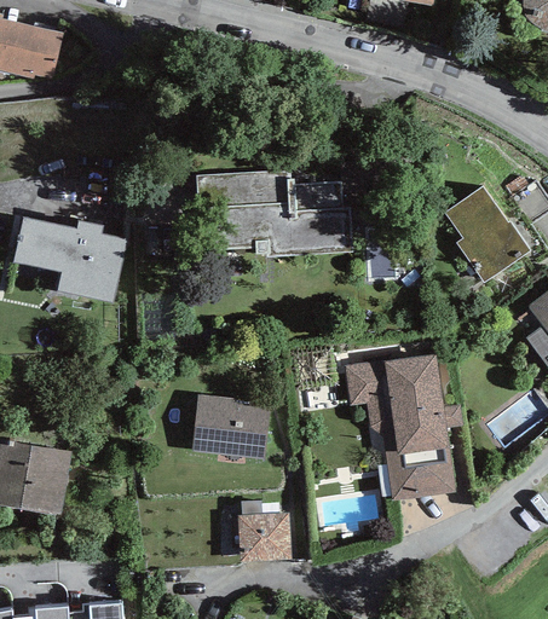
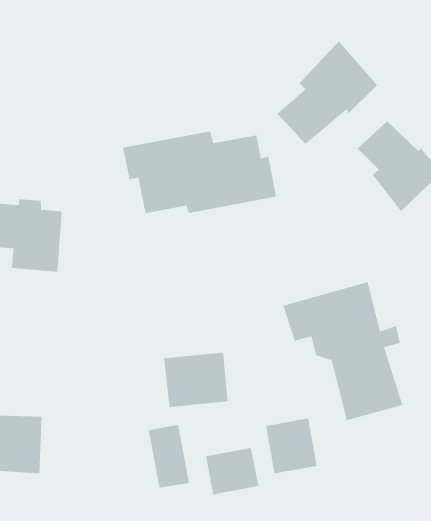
building: none -> [276,41,378,145]
building: none -> [148,424,190,489]
building: none -> [266,418,317,474]

